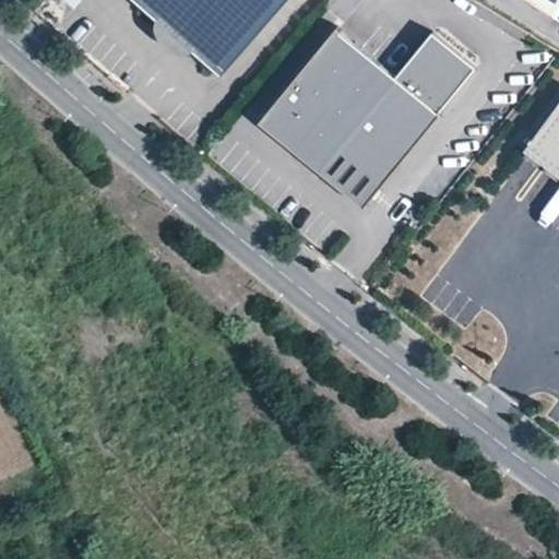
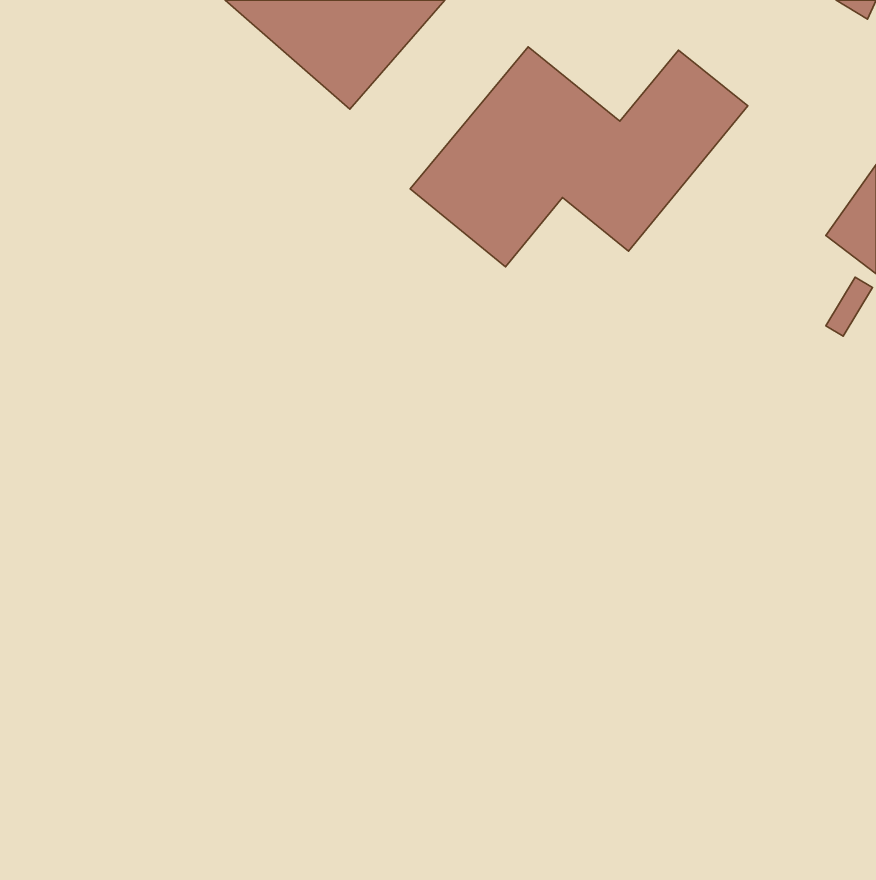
building: [319,128,396,205] -> none

